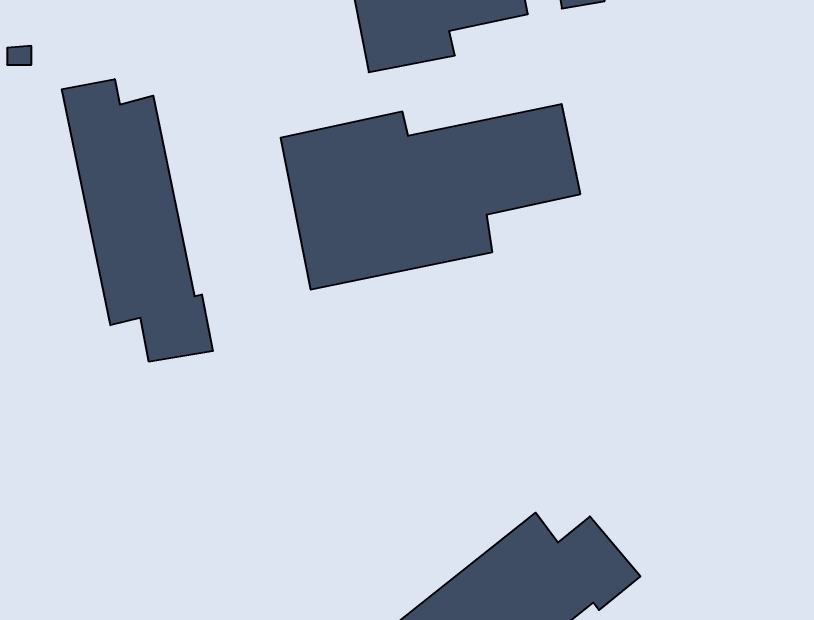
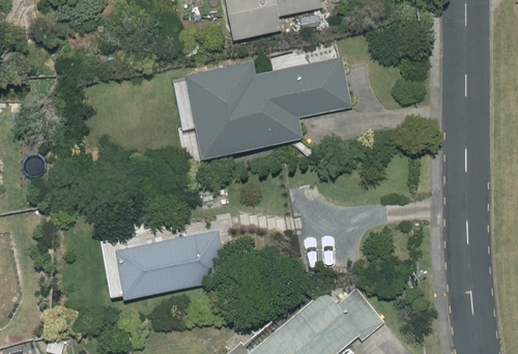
building: [62,79,213,362] -> none
building: none -> [115,227,224,292]

